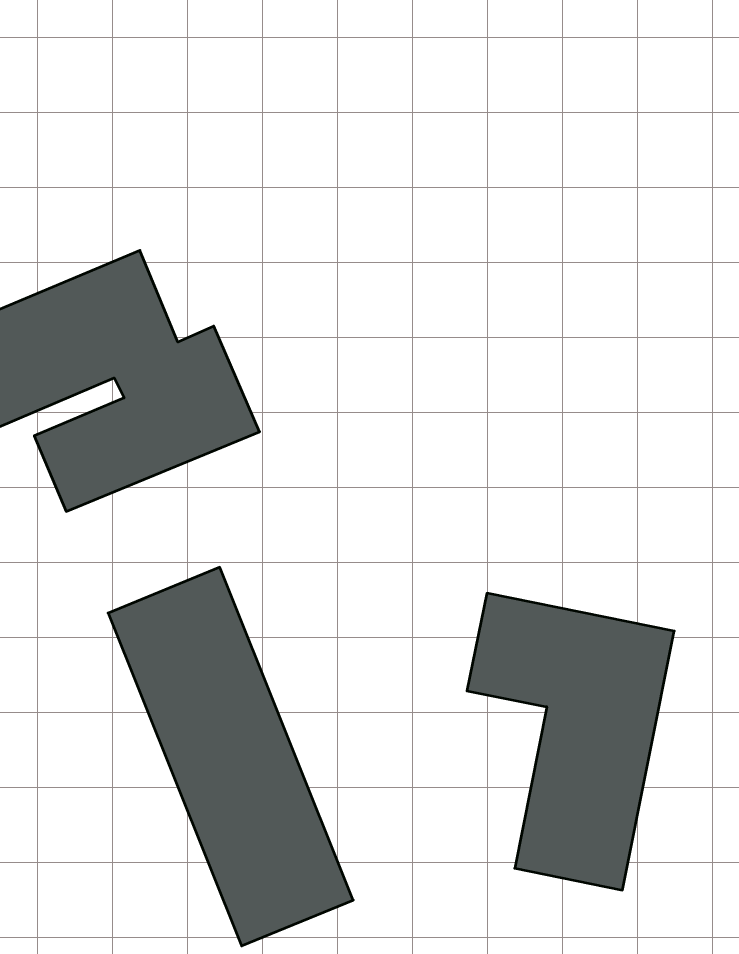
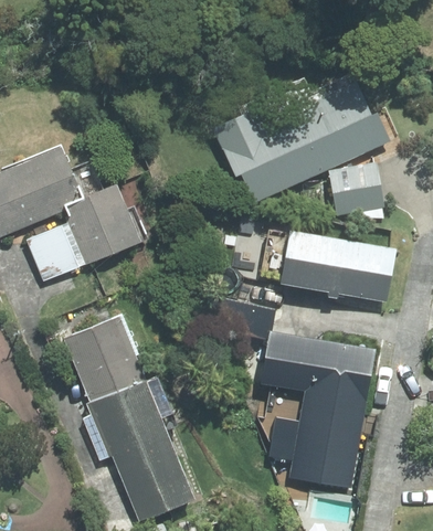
building: none -> [215,73,389,219]
building: none -> [279,230,398,304]

